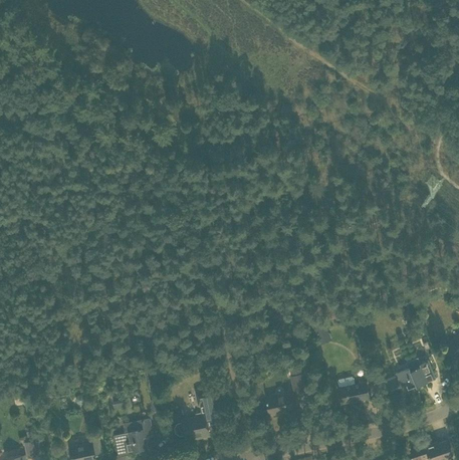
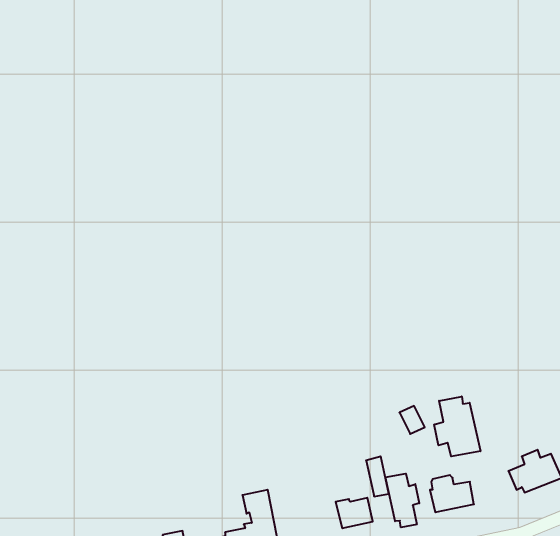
building: none -> [434,396,480,456]
building: none -> [385,474,419,527]

